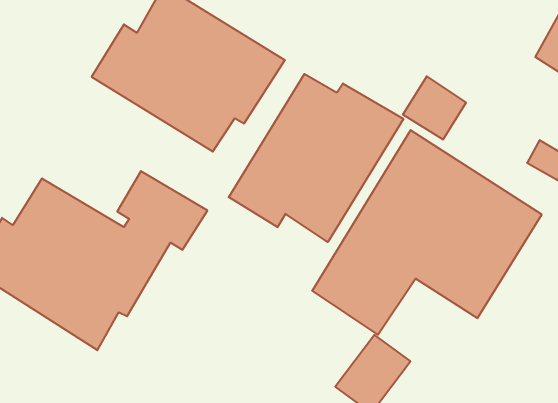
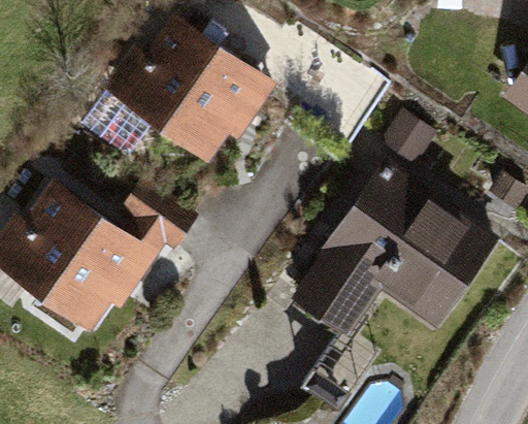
building: [229,74,403,242] -> none

